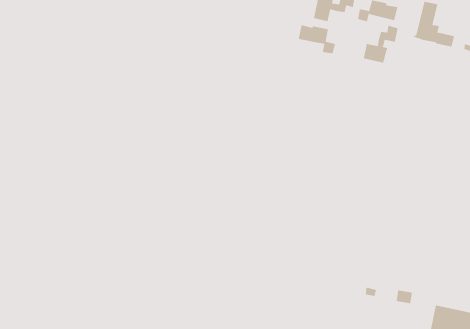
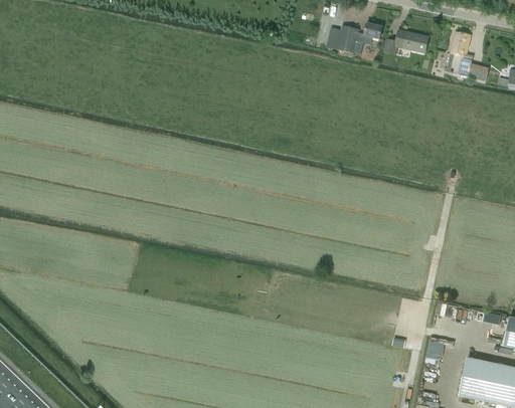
building: [298,23,335,54] -> none
building: [363,25,398,64] -> none

